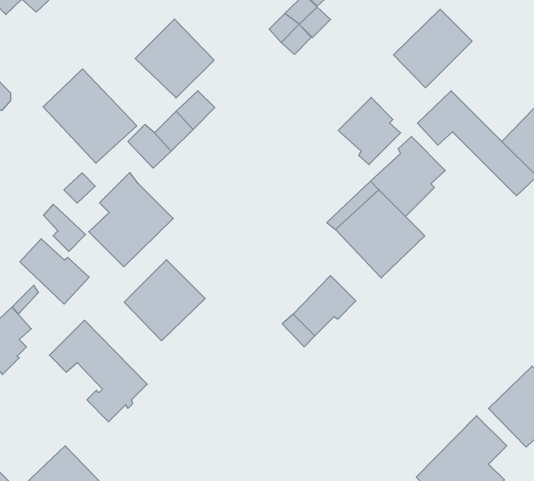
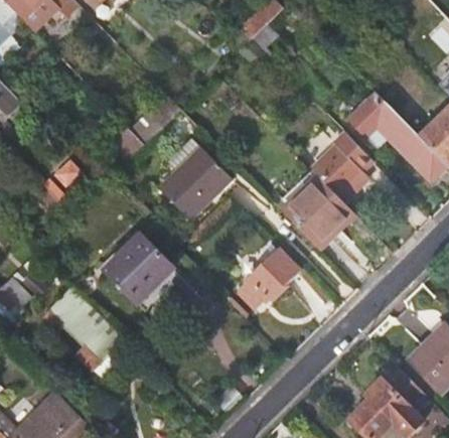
building: [394,9,472,88] -> none
building: [135,19,214,98] -> none
building: [43,69,137,163] -> none
building: [338,97,401,165] -> none
building: [89,173,173,267] -> [159,141,230,220]
building: [20,239,89,304] -> none

